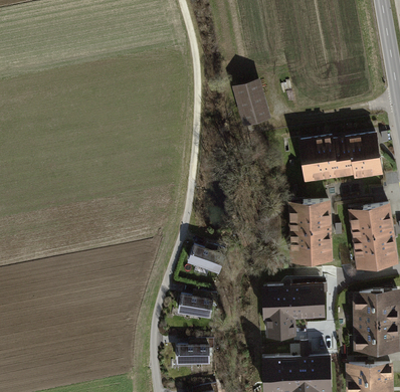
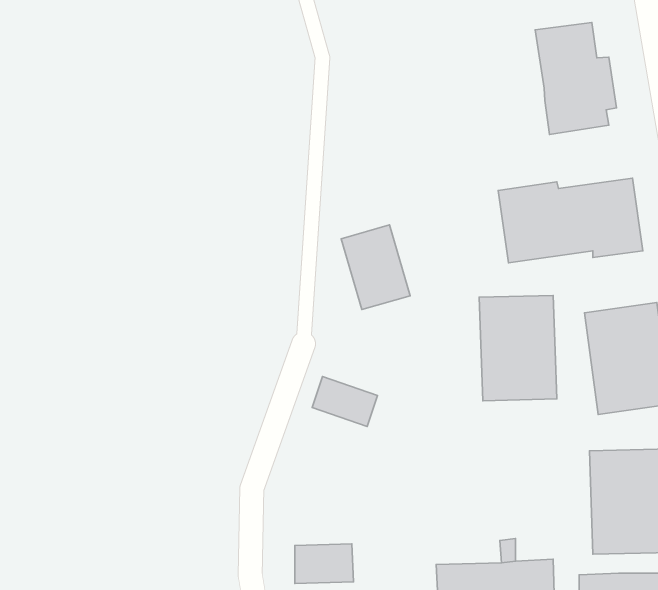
building: none -> [535,22,616,135]
building: [230,76,270,126] -> [341,225,410,309]
building: [261,282,325,336] -> none
building: [179,295,215,319] -> none

